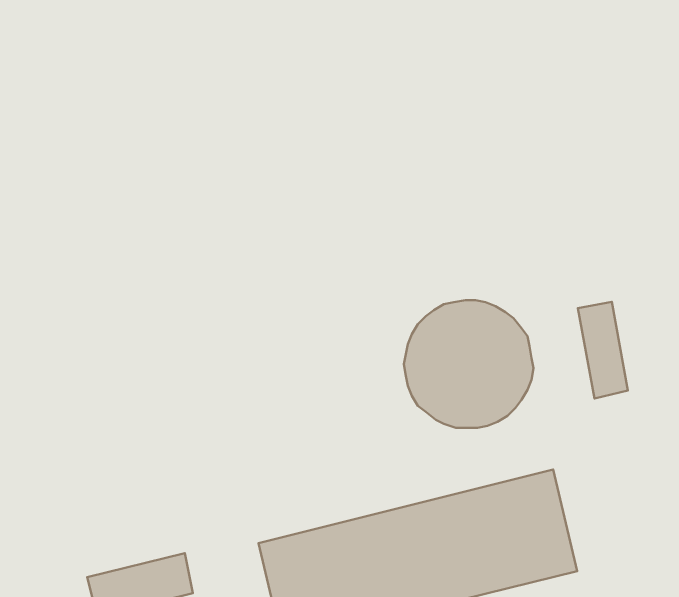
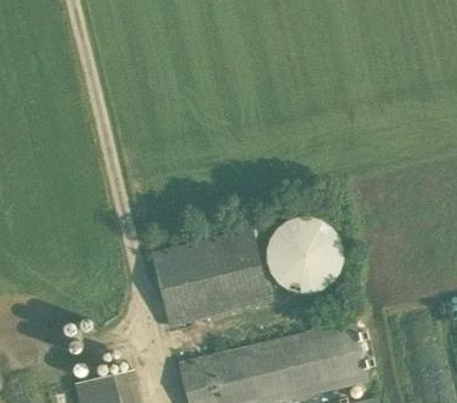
building: [578,302,628,398] -> none
building: none -> [153,231,269,326]

